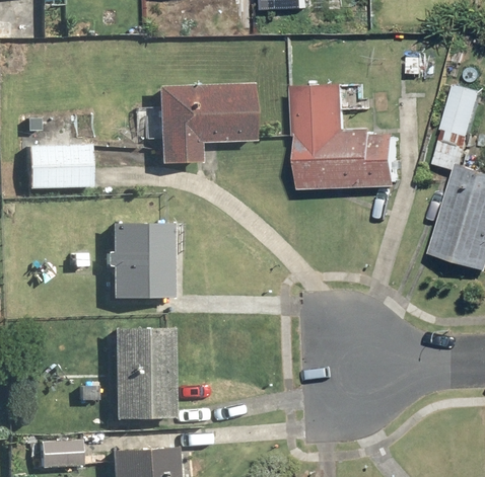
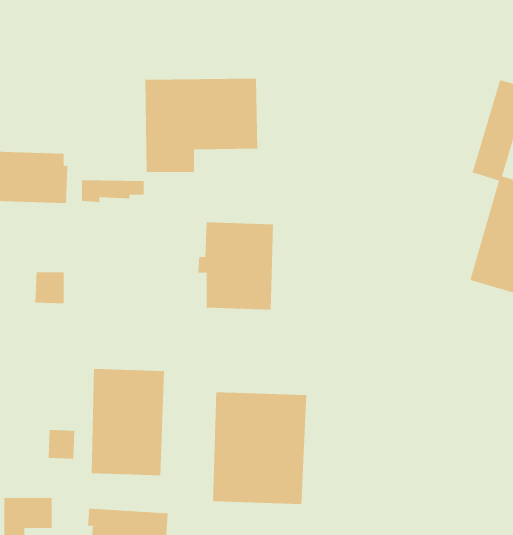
building: [297,85,402,190] -> none
building: [105,223,169,298] -> [197,222,274,310]
building: none -> [212,391,307,505]

